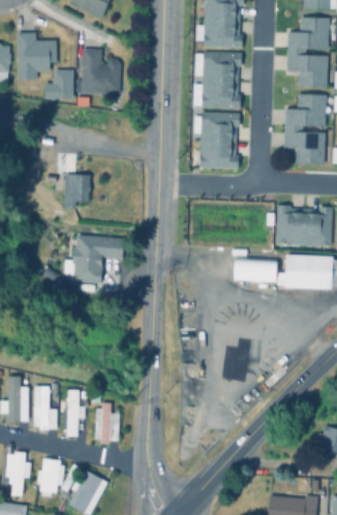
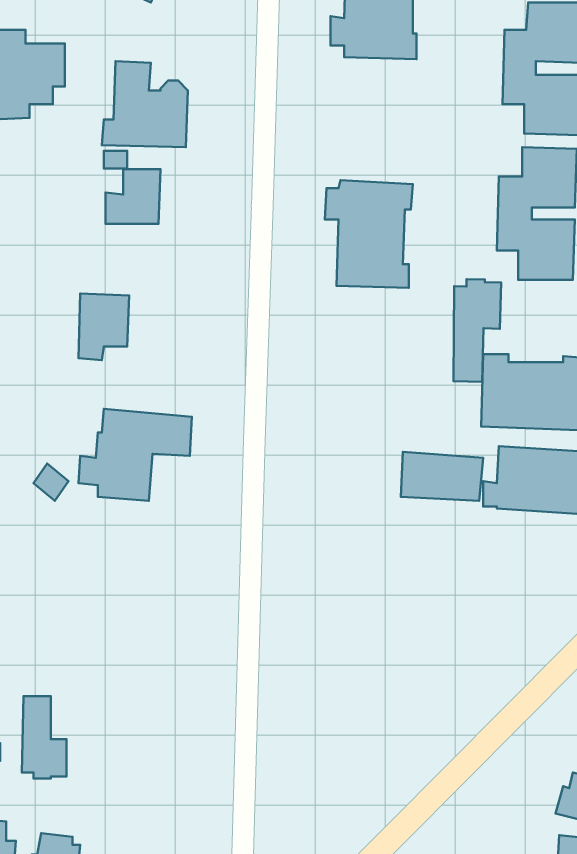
building: [193,53,242,110] -> none
building: [44,70,73,99] -> [106,169,160,224]
building: none -> [454,279,501,382]
building: [63,389,85,435] -> none
building: [95,402,120,443] -> none

